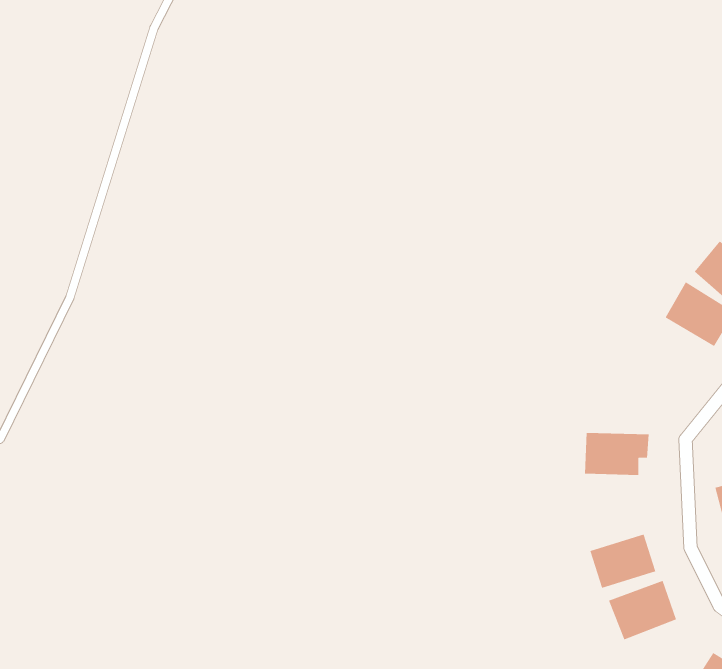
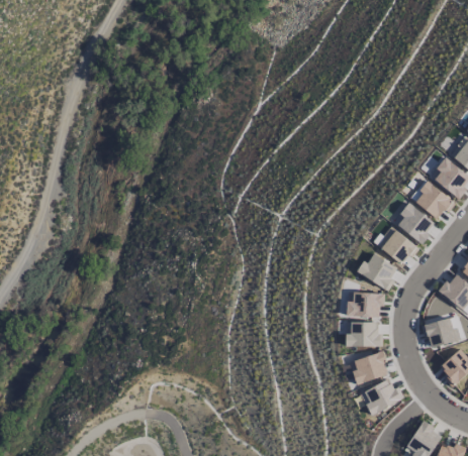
building: none -> [377,228,416,263]
building: none -> [357,254,398,289]
building: none -> [346,322,383,347]

